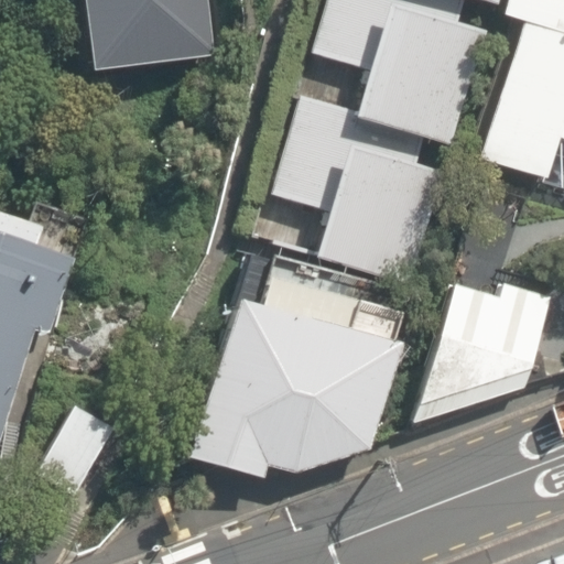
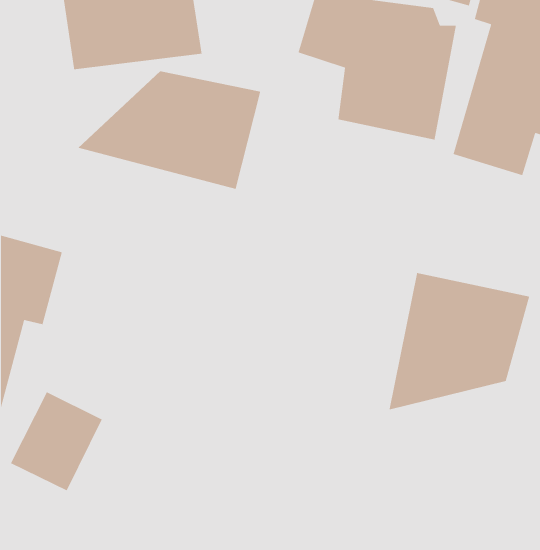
building: none -> [77,70,261,190]
building: [272,105,443,279] -> none
building: [209,293,399,467] -> none

